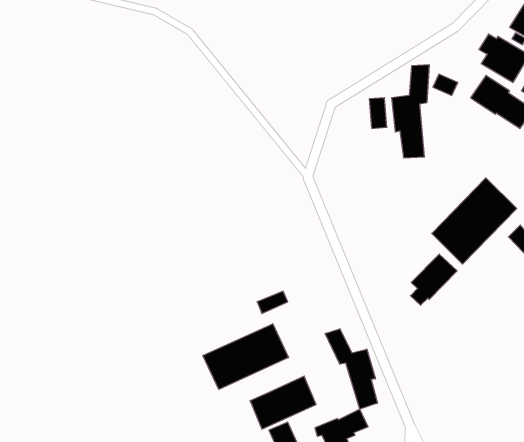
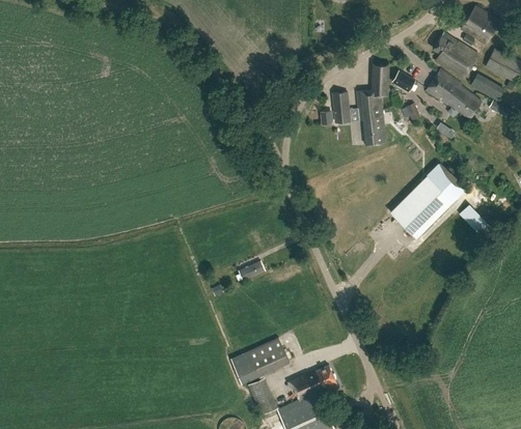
building: [410,254,457,305] -> none
building: [203,324,289,389] -> none
building: [325,329,377,409] -> none

